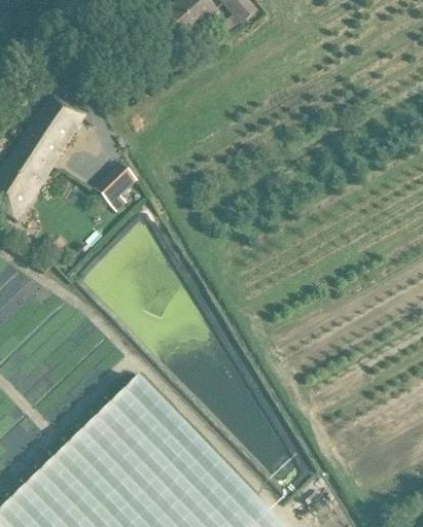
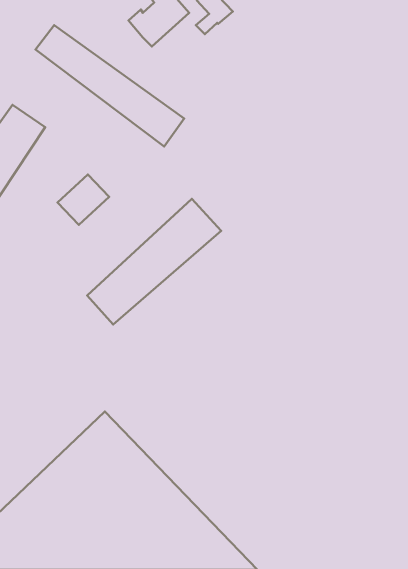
building: none -> [36,25,184,146]
building: none -> [87,199,221,325]

